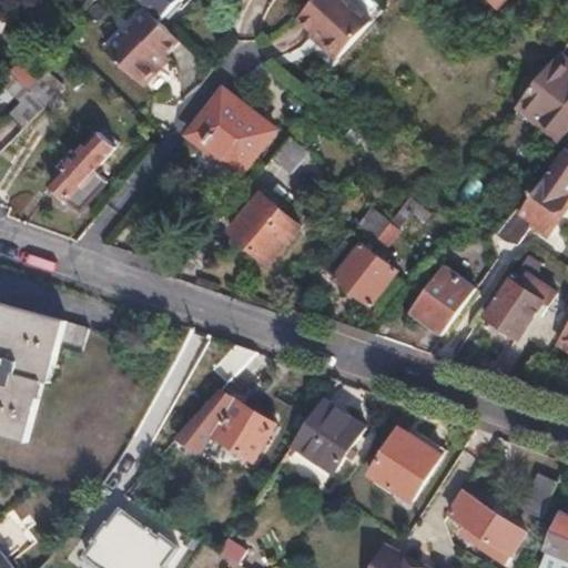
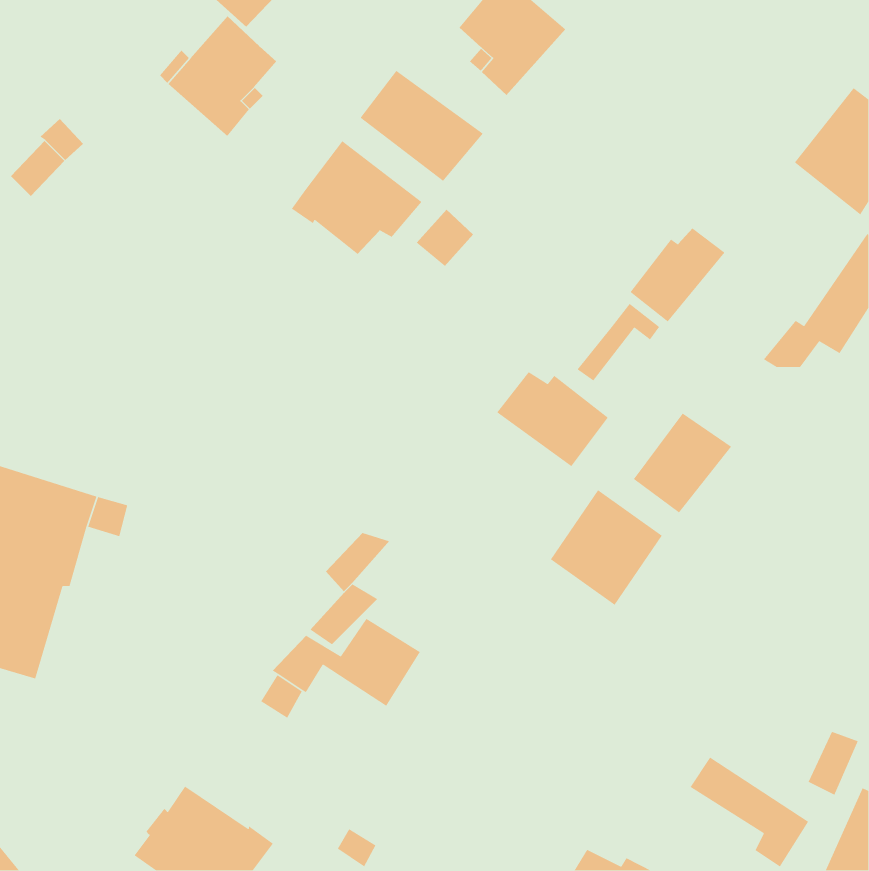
building: none -> [359,70,484,182]
building: [50,132,114,209] -> none
building: none -> [629,228,725,323]
building: [229,194,297,262] -> none
building: [487,256,555,338] -> none
building: [293,397,366,473] -> [550,489,663,606]
building: [371,429,440,500] -> none

